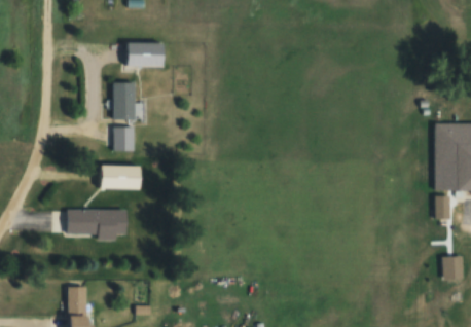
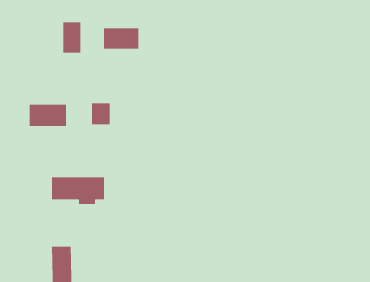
building: [113,83,134,118] -> [63,22,81,53]
building: [100,165,142,189] -> [29,104,67,126]

